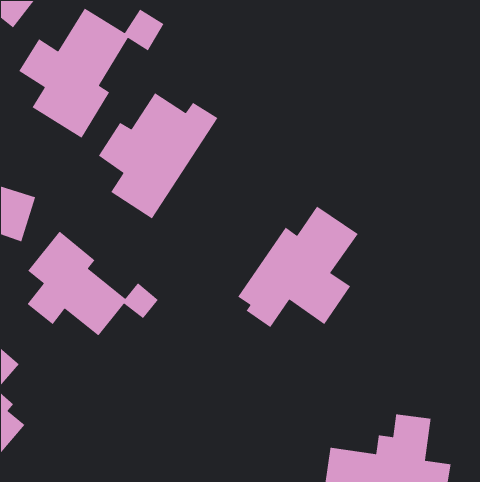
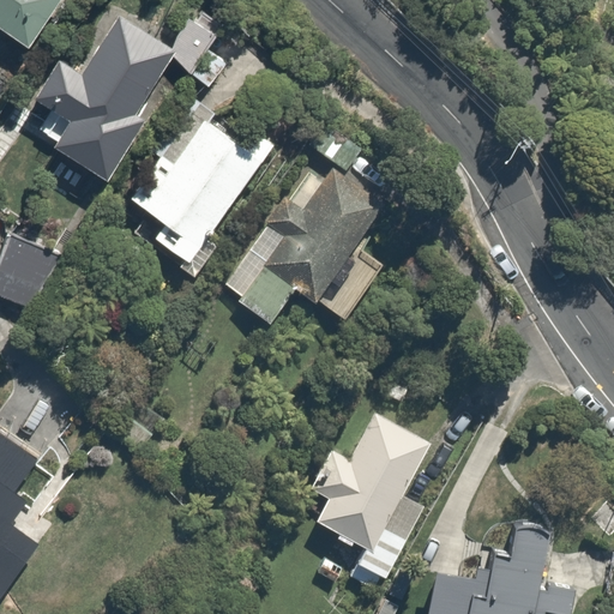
building: [237,205,359,328] -> [228,168,381,323]
building: [27,231,159,336] -> none
building: none -> [315,415,431,592]

